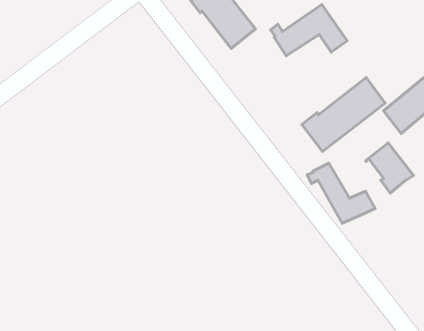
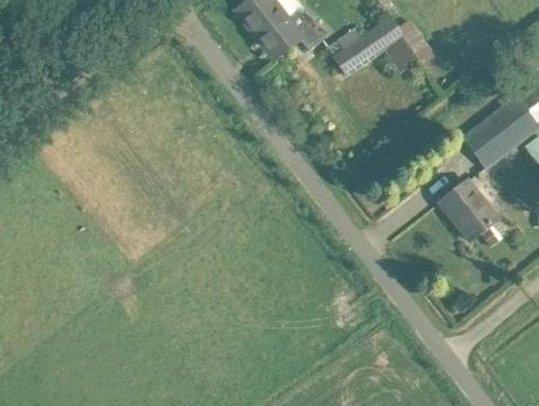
building: [302,78,385,152] -> none
building: [307,163,375,223] -> none

